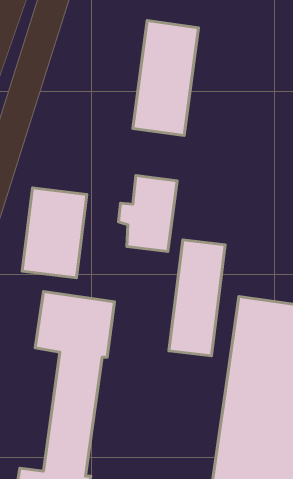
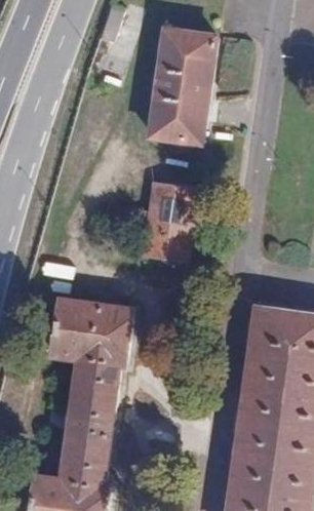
building: [22,188,87,278] -> none
building: [169,240,225,356] -> none

